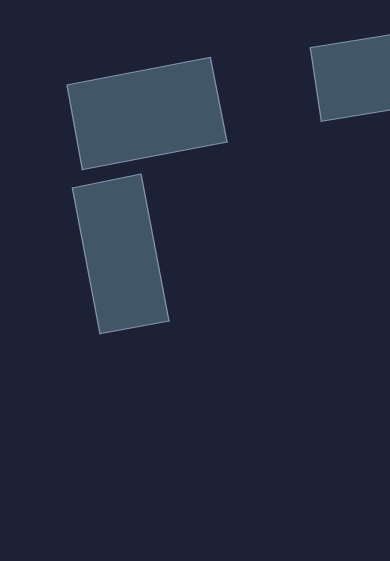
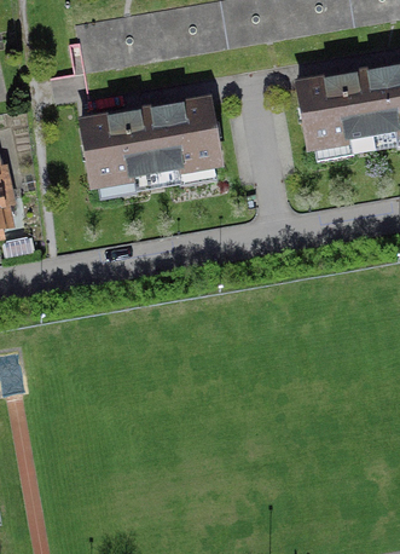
building: [73,174,169,334] -> none

